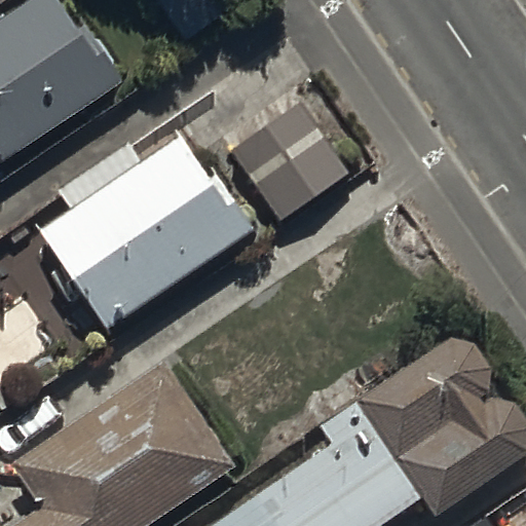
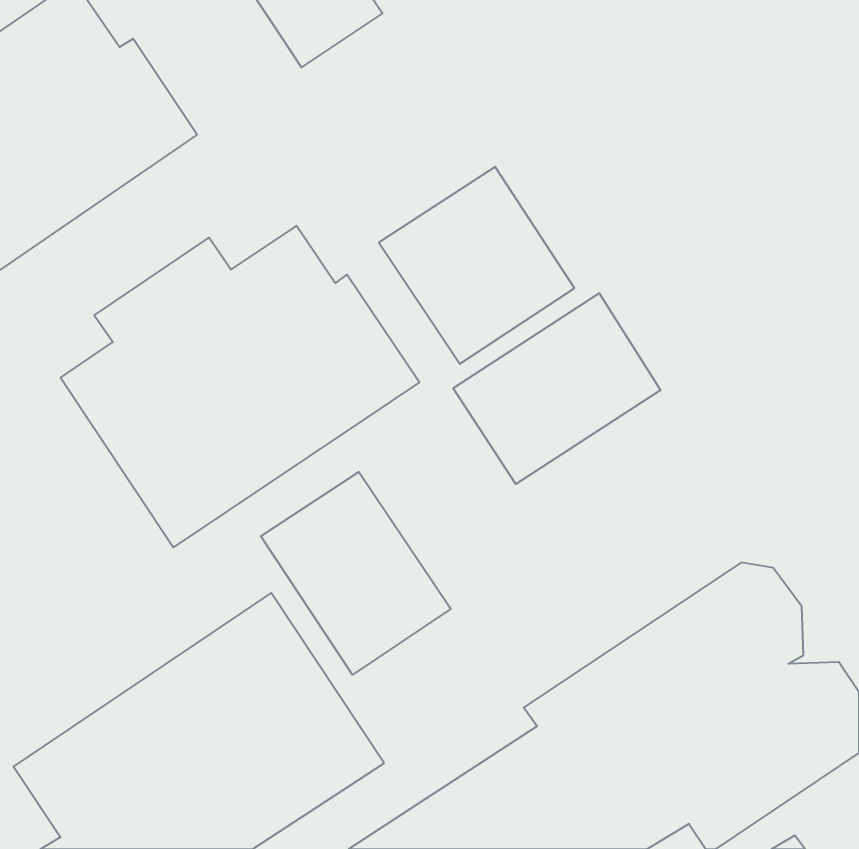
building: none -> [453,293,661,484]
building: none -> [261,472,451,675]

